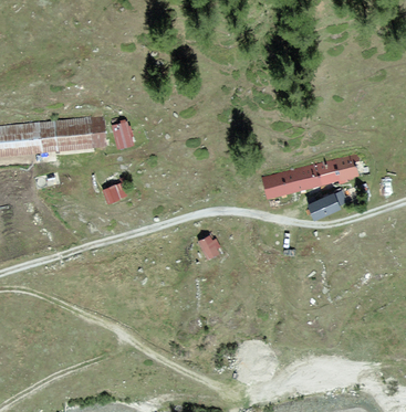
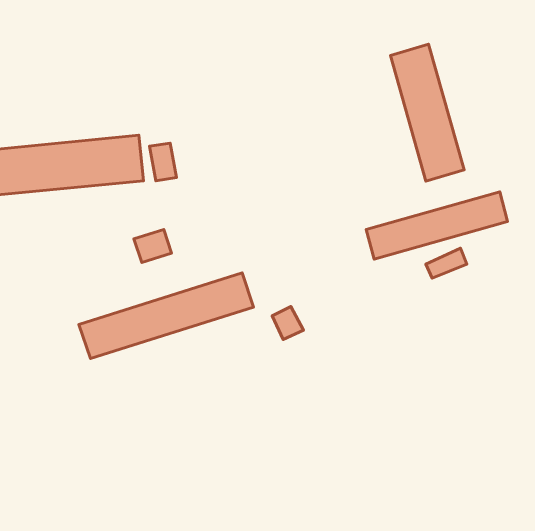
building: none -> [390,44,464,181]
building: none -> [79,273,254,359]

